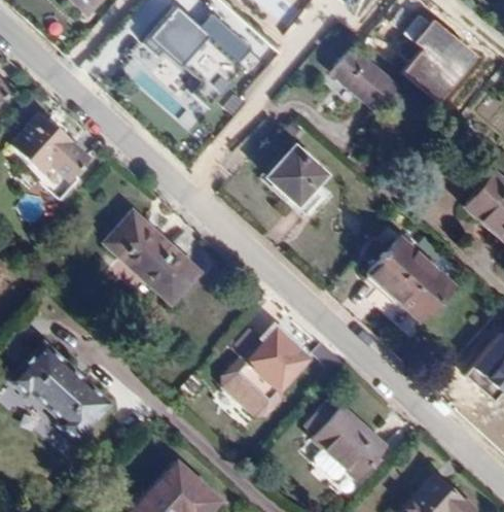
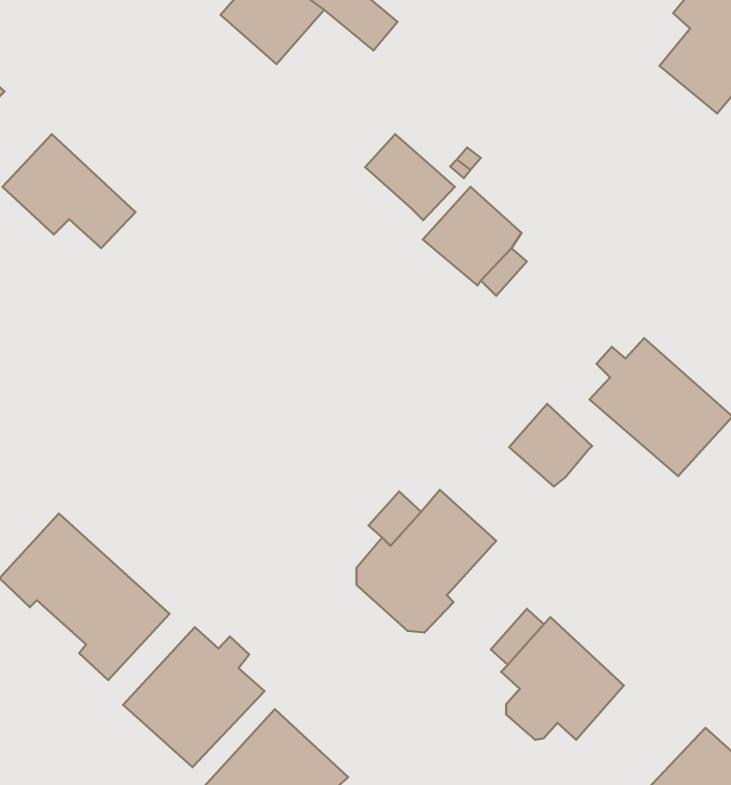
building: [330,46,397,110] -> none
building: none -> [365,134,455,220]
building: [105,212,200,304] -> none
building: none -> [509,404,592,487]
building: none -> [123,627,265,767]

